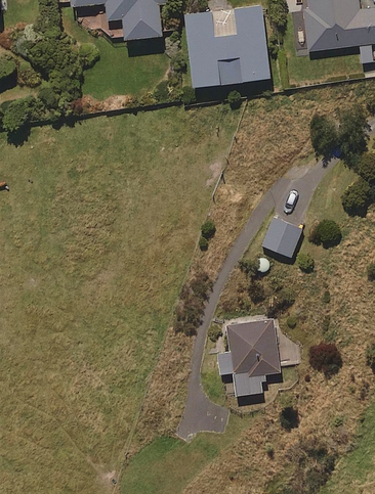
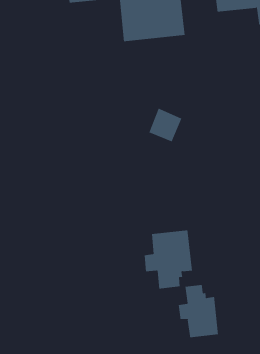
building: [260,215,302,258] -> [148,108,182,142]
building: none -> [178,284,218,338]

